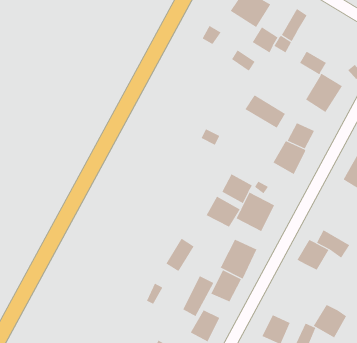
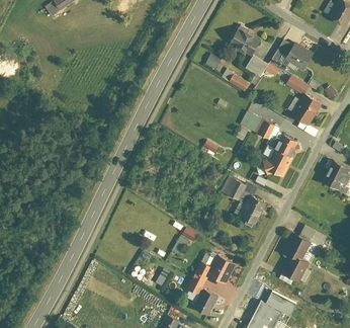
building: none -> [284,42,313,69]
building: [206,196,241,228] -> none
building: [220,239,257,280] -> none
building: [313,304,347,338] -> [279,252,308,280]

